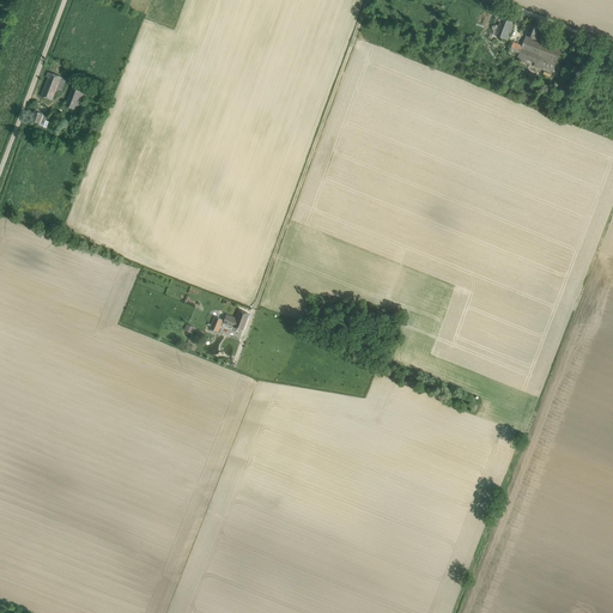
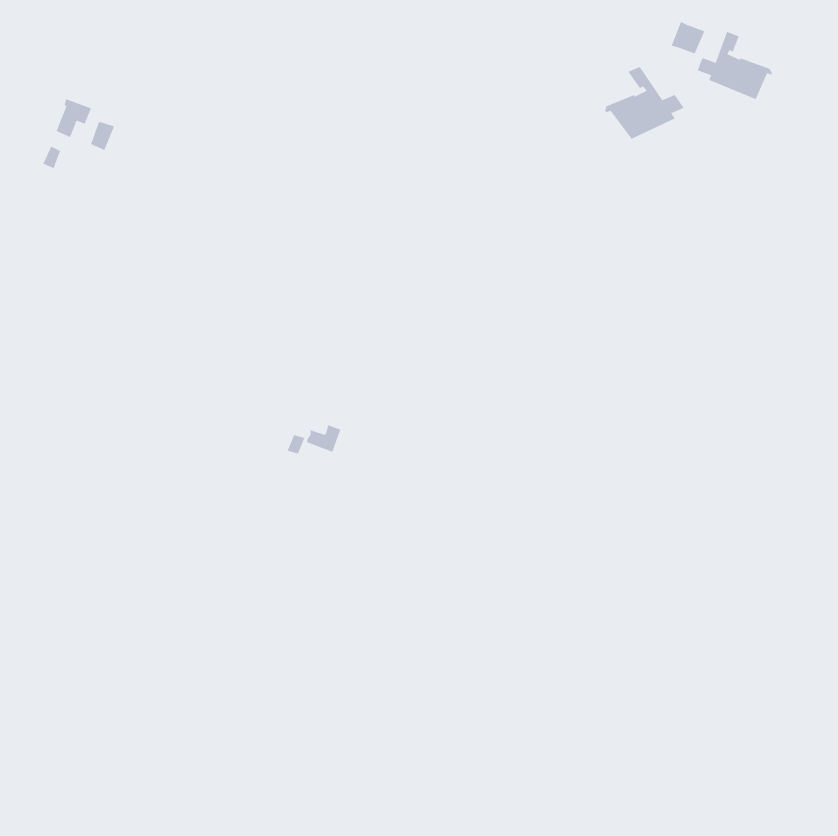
building: none -> [605,66,684,139]

